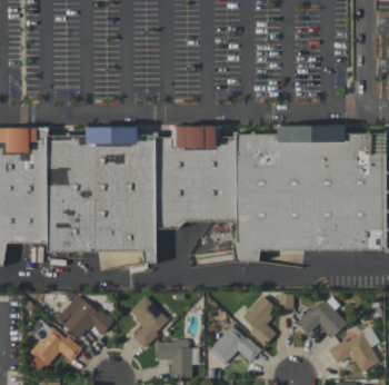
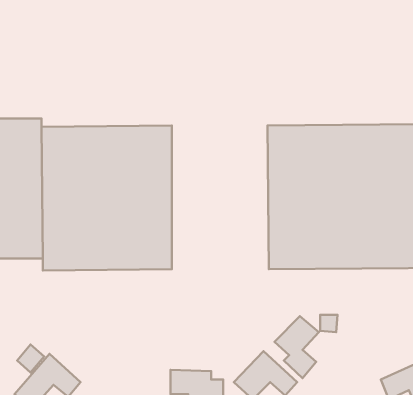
building: [157,137,237,230] -> none
building: [56,293,111,338] -> none
building: [298,294,347,337] -> none
building: [129,295,169,346] -> none

